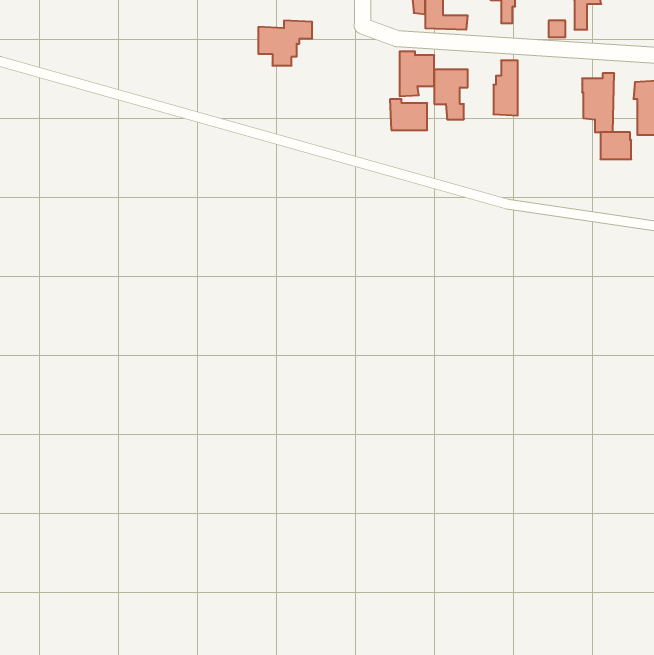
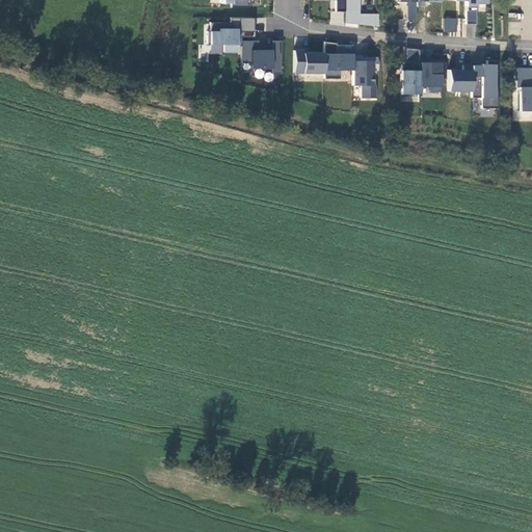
building: none -> [242,39,282,73]
building: none -> [421,61,442,91]
building: [390,99,427,130] -> [295,48,325,73]
building: [600,132,631,159] -> [449,69,474,90]

